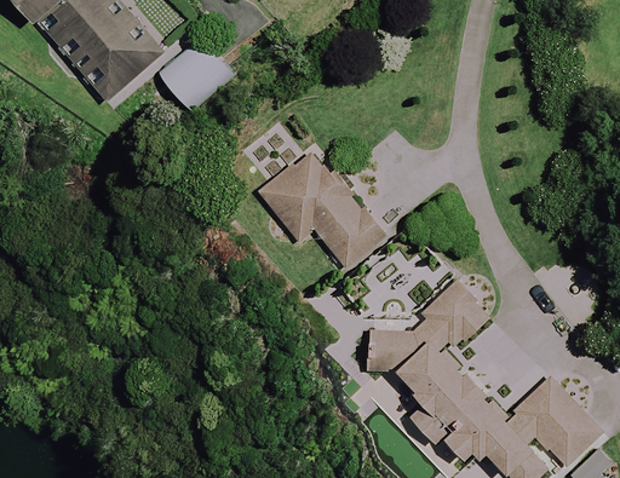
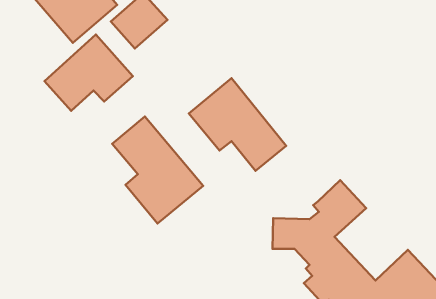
building: none -> [45,35,133,111]
building: none -> [112,117,203,223]

